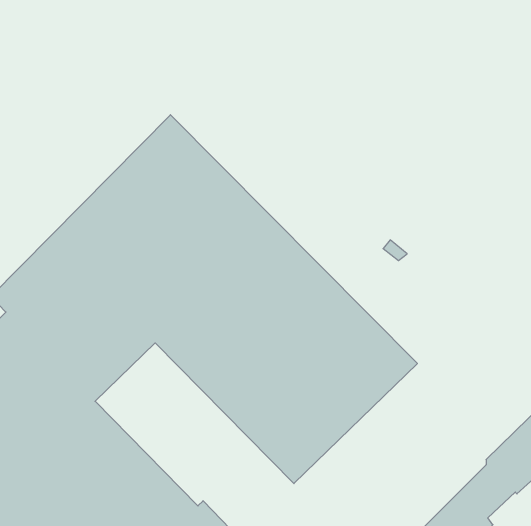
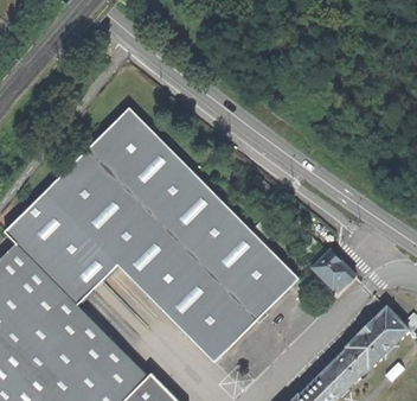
building: none -> [312,250,354,288]

